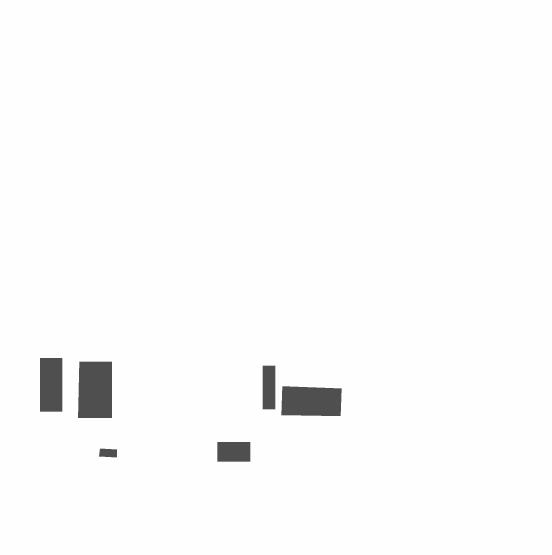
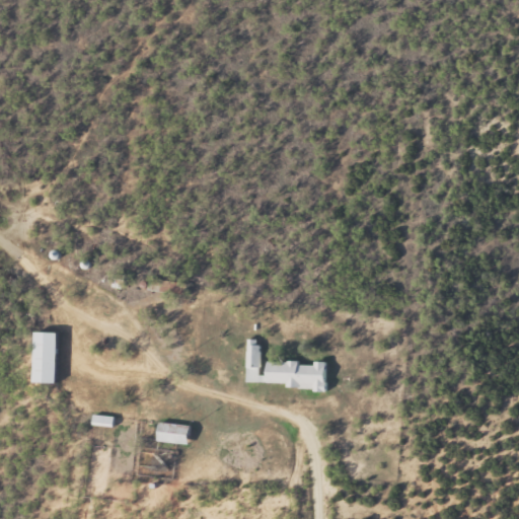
building: [77,361,112,419] -> none
building: [216,441,251,462] -> [156,424,189,443]

